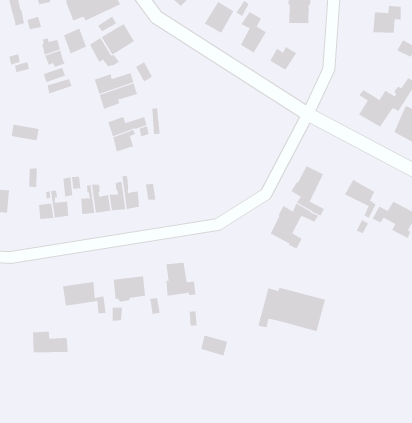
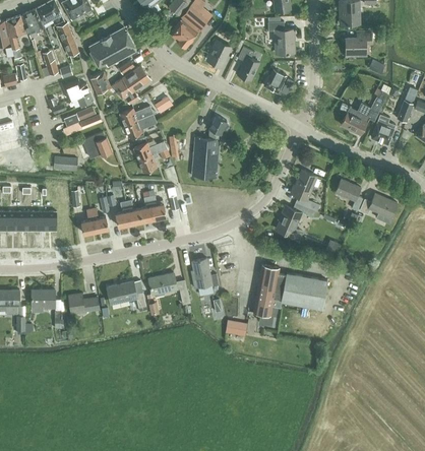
building: none -> [191,116,227,178]
building: none -> [82,132,112,157]
building: none -> [253,264,279,316]
building: [32,331,69,353] -> [68,294,100,313]

